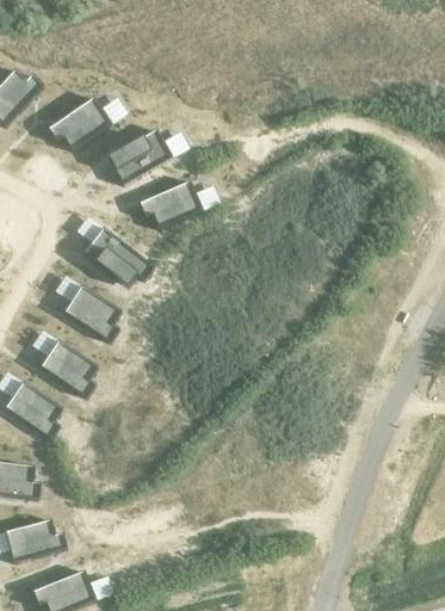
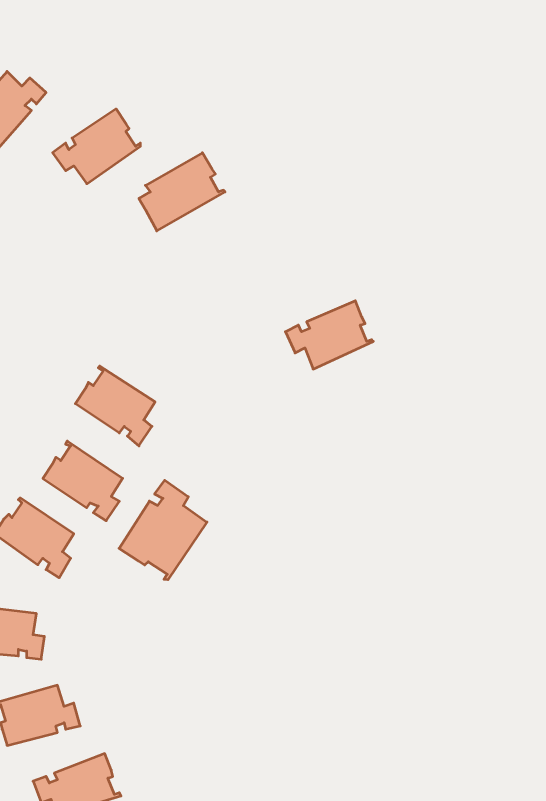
building: [135,179,199,229] -> [285,301,373,369]
building: [79,227,150,283] -> none
building: none -> [119,480,207,580]

